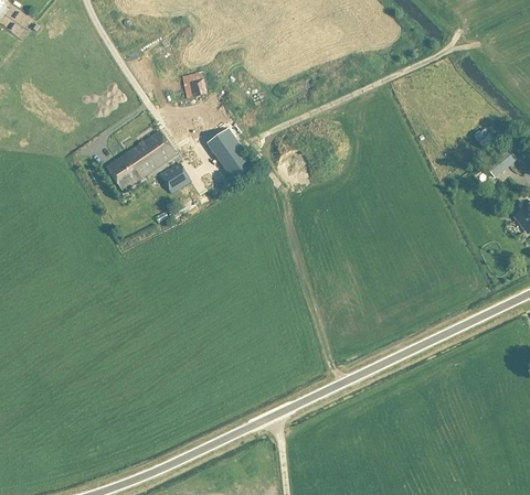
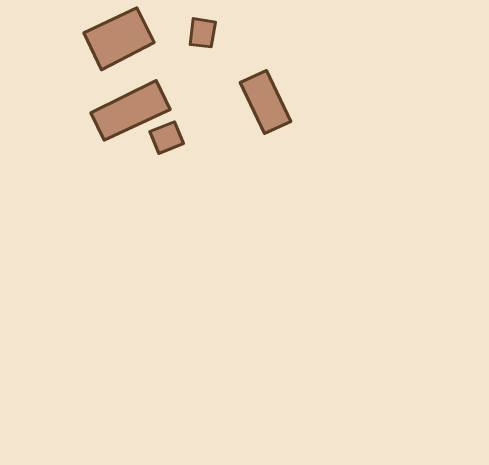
building: none -> [84,8,154,70]
building: [206,130,256,185] -> [240,70,291,134]

